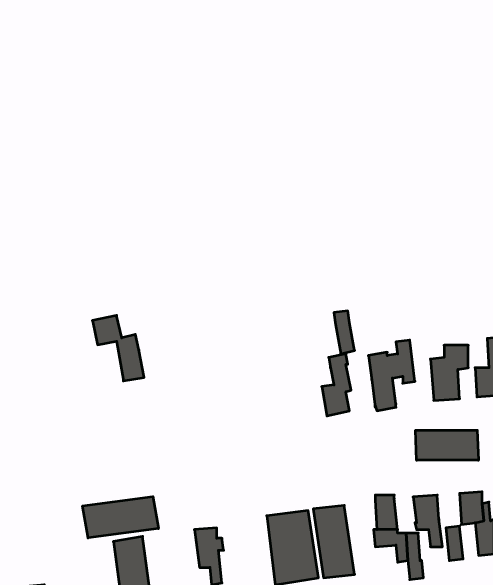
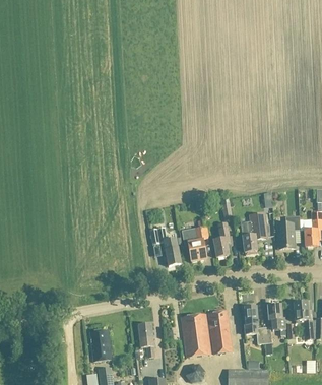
building: [92,315,144,381] -> [150,227,181,265]
building: none -> [182,218,209,261]
building: [416,430,478,460] -> none
building: [83,497,158,538] -> none

